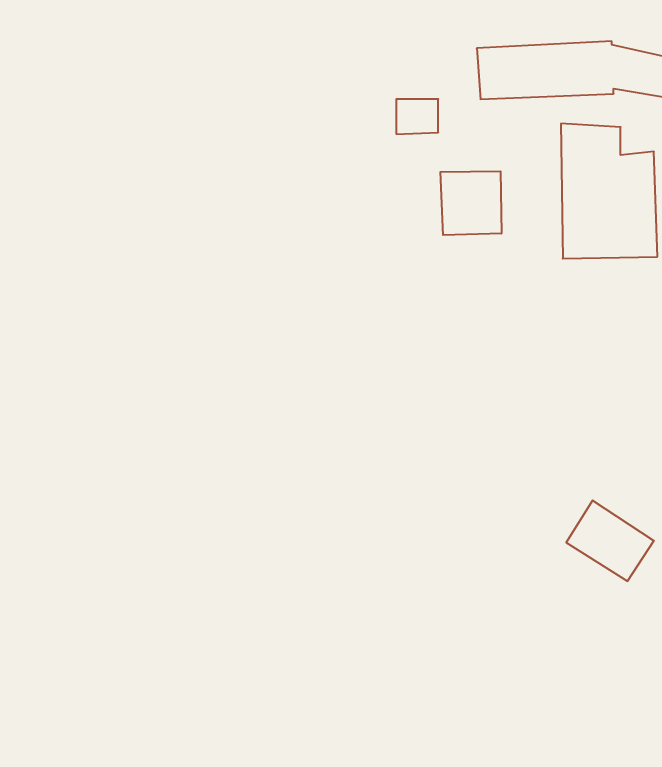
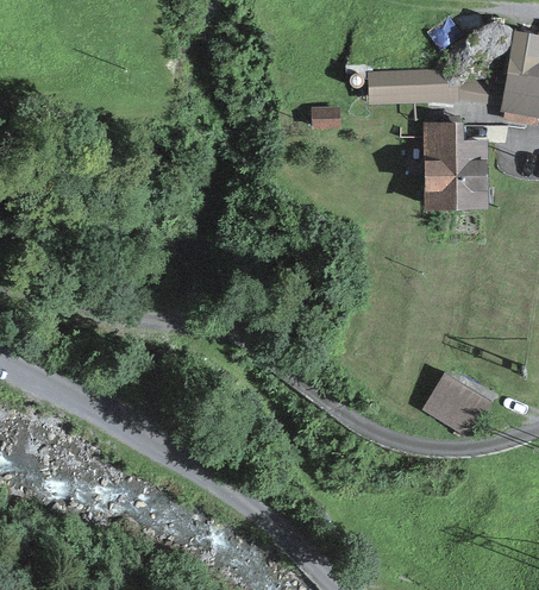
building: [440,171,501,235] -> none

